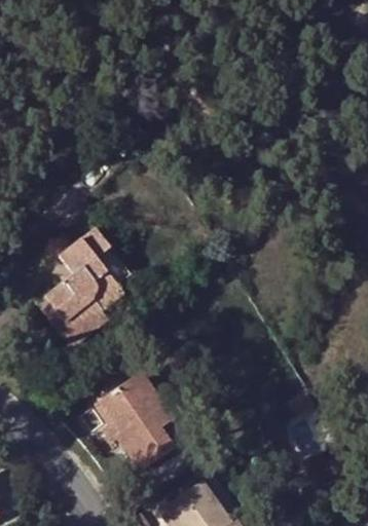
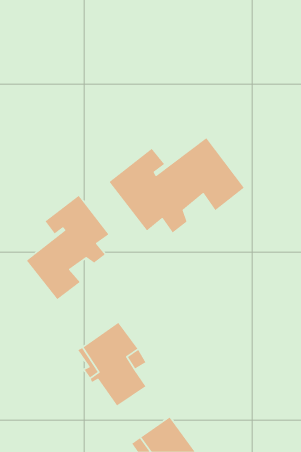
building: none -> [108,137,245,233]

